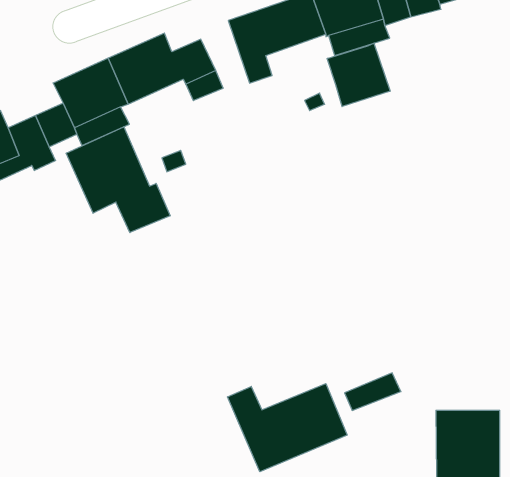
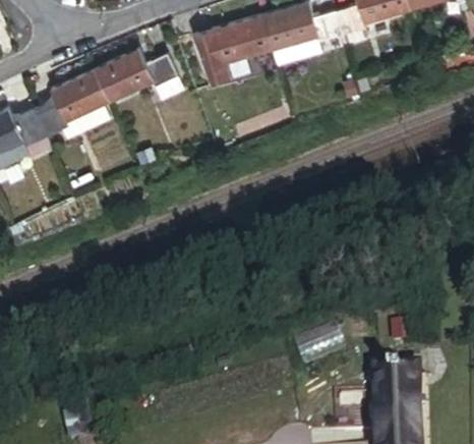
building: [327,43,390,107] -> none
building: [66,127,170,233] -> none
building: [228,384,347,472] -> none

